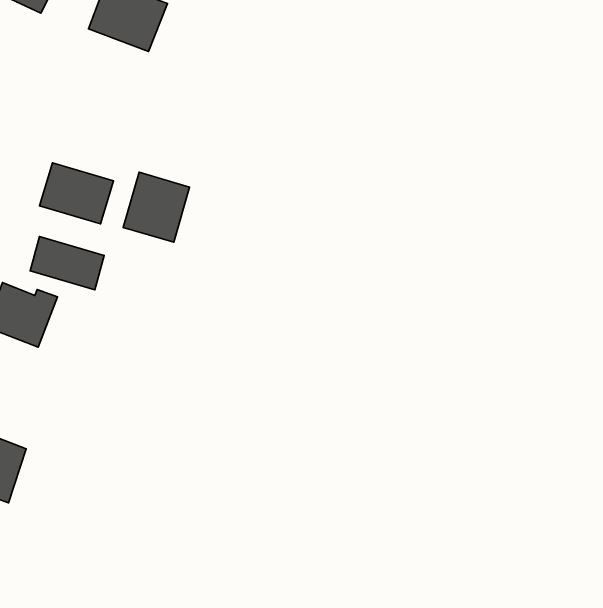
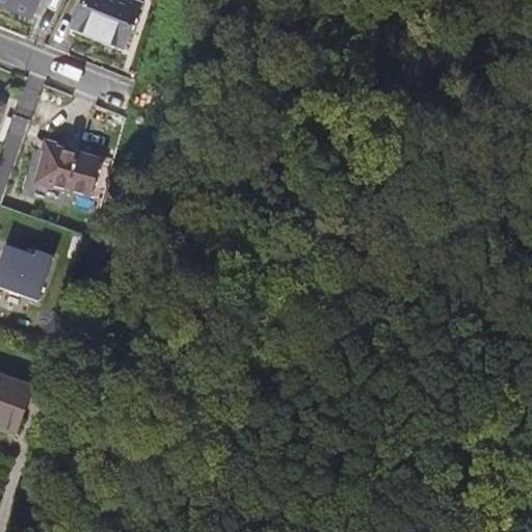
building: [123,172,190,242] -> none
building: [30,237,104,290] -> none

